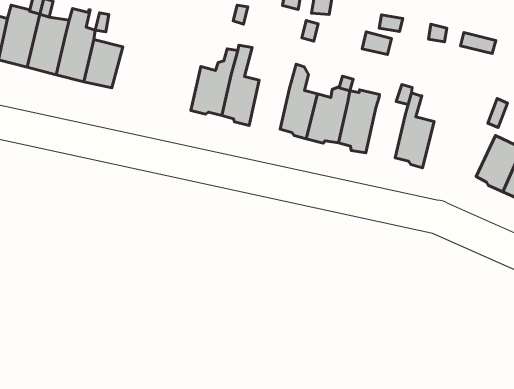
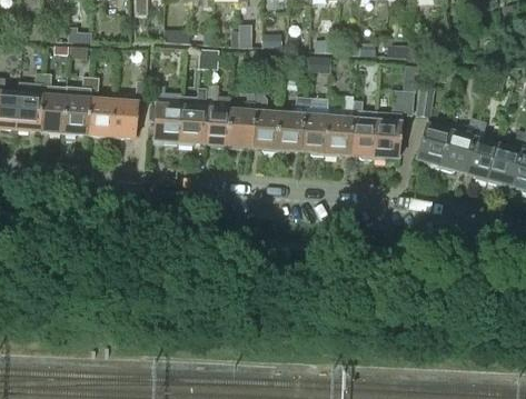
building: none -> [111,89,139,138]
building: none -> [153,86,182,143]
building: none -> [227,92,257,148]
building: none -> [373,76,416,159]
building: none -> [325,117,351,156]

